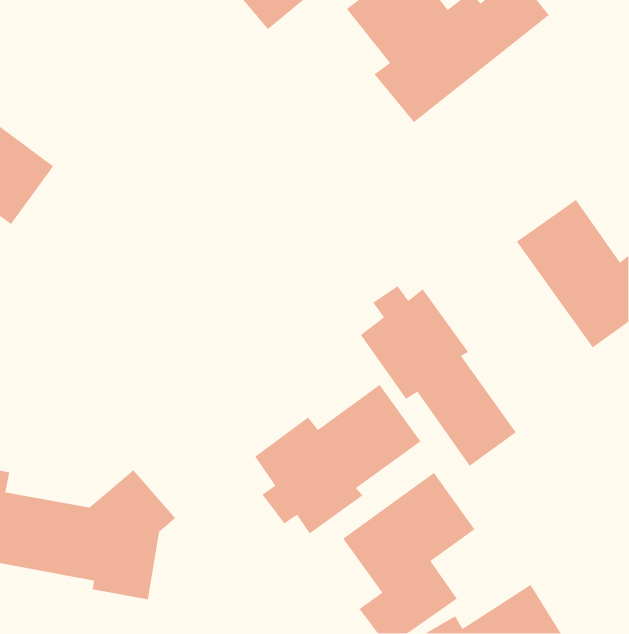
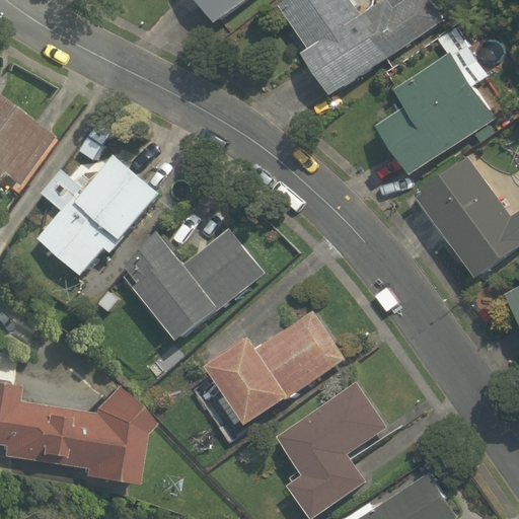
building: none -> [375,51,495,176]
building: none -> [34,159,159,276]
building: none -> [118,228,269,346]
building: [360,285,517,467] -> none

